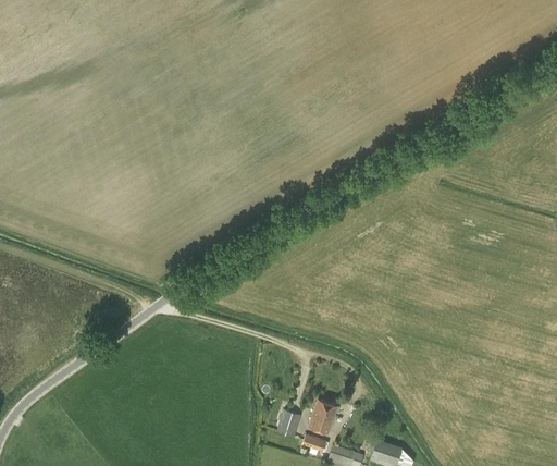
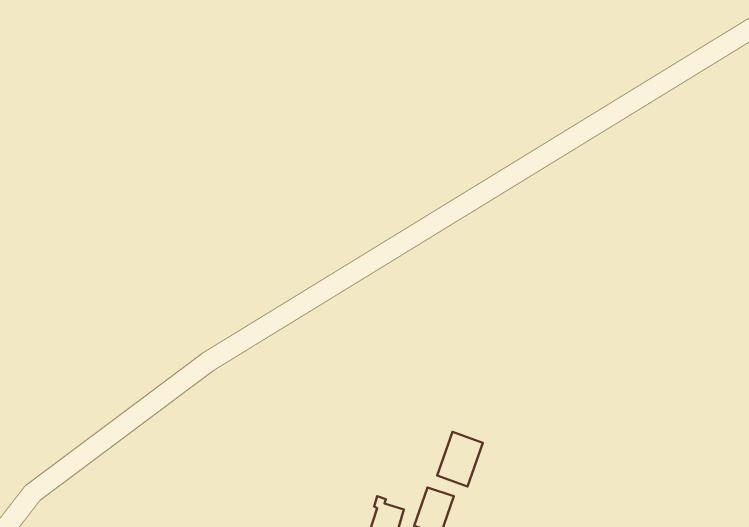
building: none -> [437,432,483,486]

